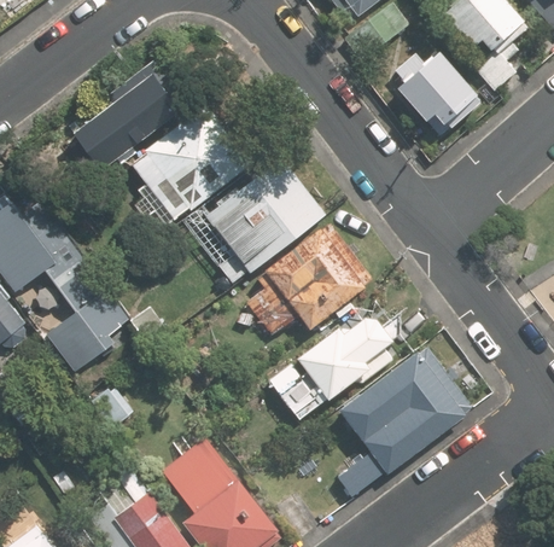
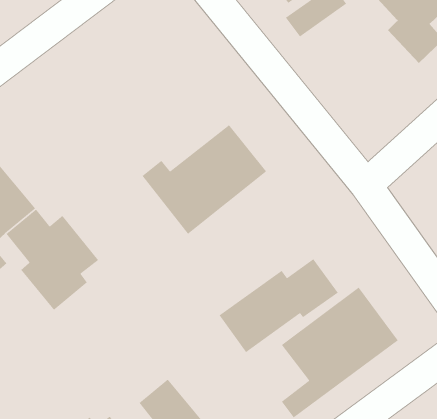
building: [398,52,480,127] -> none
building: [68,66,176,171] -> none
building: [129,105,250,227] -> none
building: [251,219,375,330] -> none

